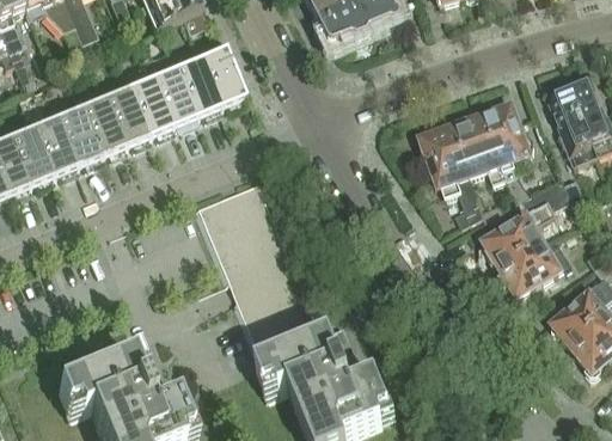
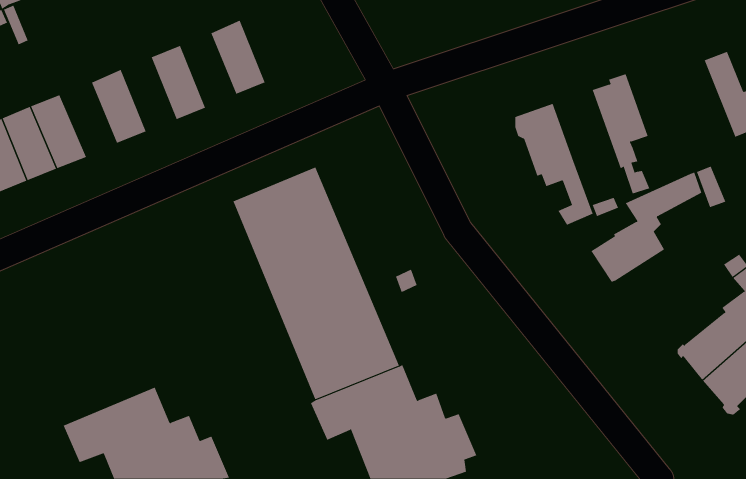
building: [200,48,245,108] -> none
building: [152,68,196,128] -> none
building: [104,87,148,147] -> none
building: [551,90,596,161] -> none
building: [55,108,100,167] -> none
building: [451,114,504,180] -> none
building: [501,241,571,292] -> none

